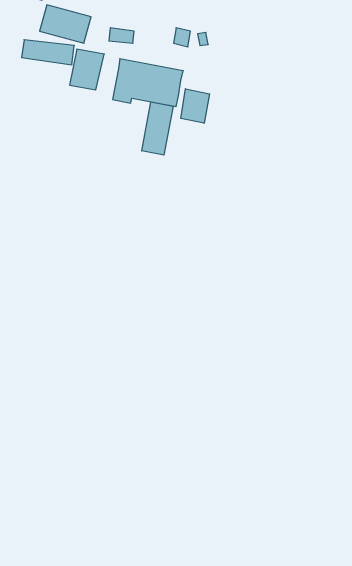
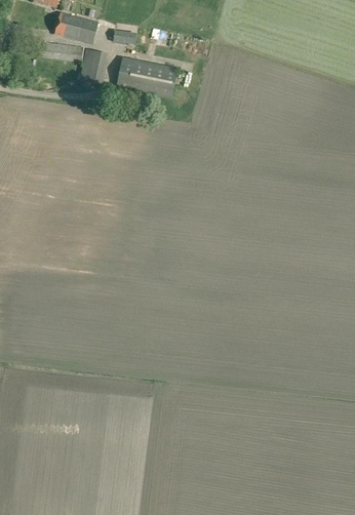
building: [181,89,210,123] -> none
building: [142,102,173,155] -> none

